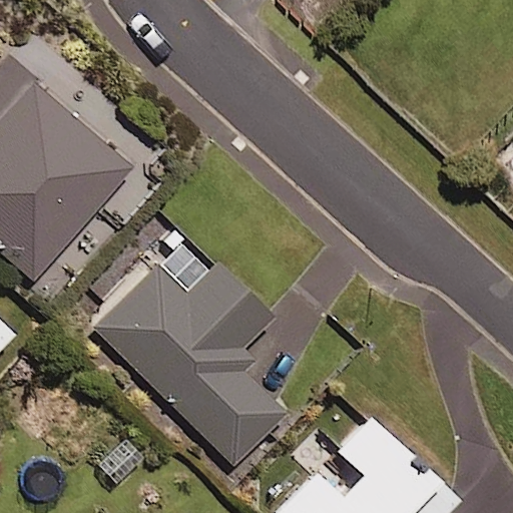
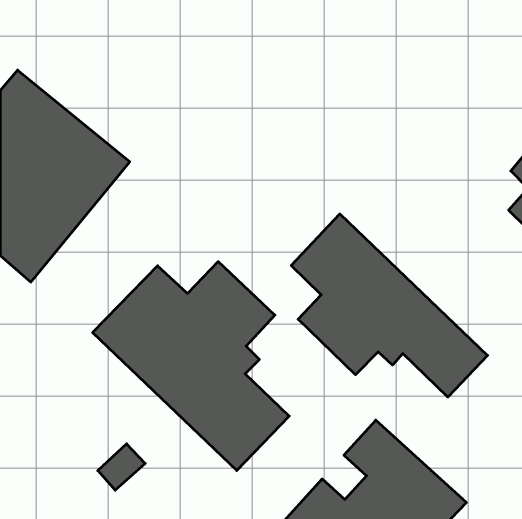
building: none -> [291,214,488,397]

